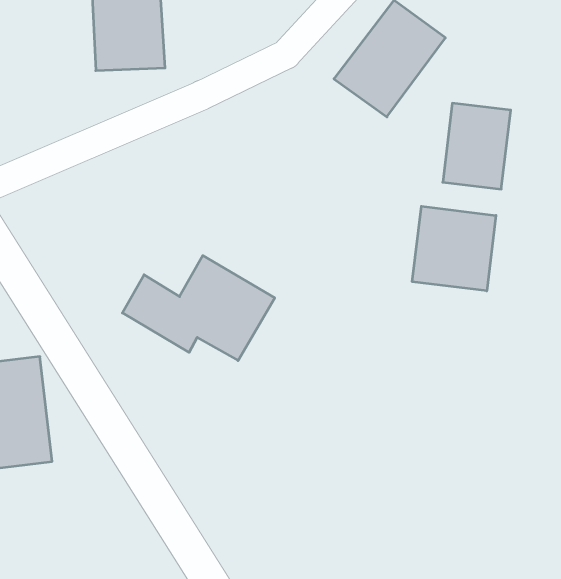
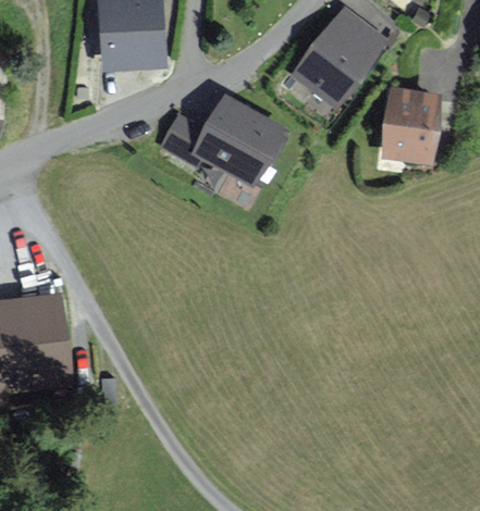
building: [412,206,496,291] -> none
building: [122,256,275,361] -> [162,98,284,182]

